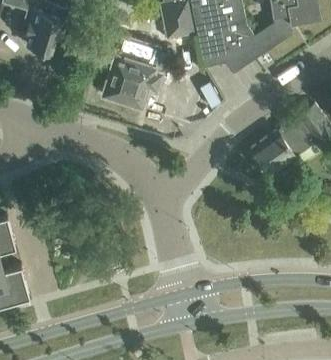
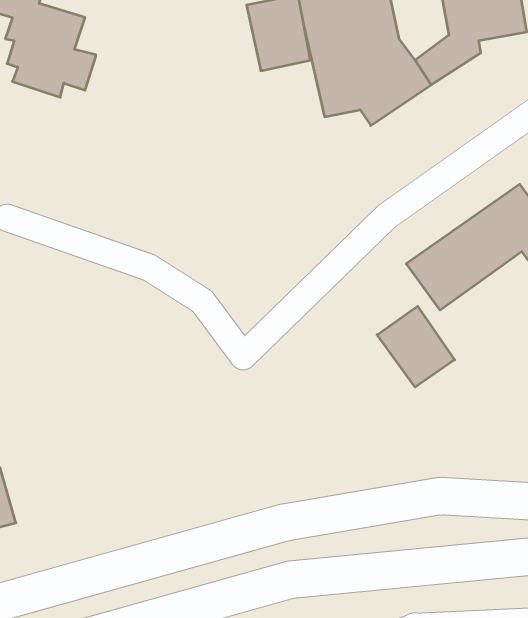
building: [102,49,170,105] -> none
building: none -> [377,306,455,387]

